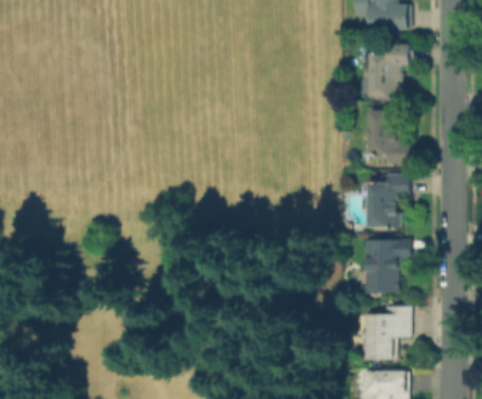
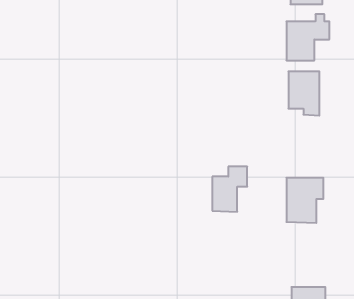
building: [365,171,408,226] -> [212,167,247,212]
building: [364,306,410,360] -> none

